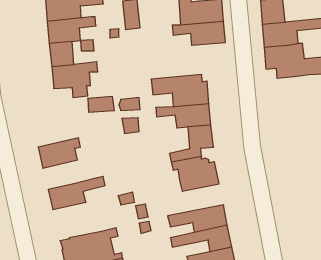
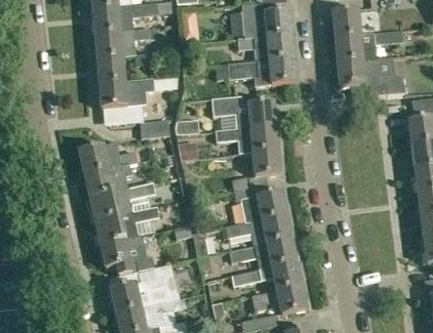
building: none -> [216,57,297,86]
building: none -> [79,141,136,174]
building: none -> [87,182,155,222]
building: none -> [221,215,291,246]
building: none -> [101,236,155,276]

